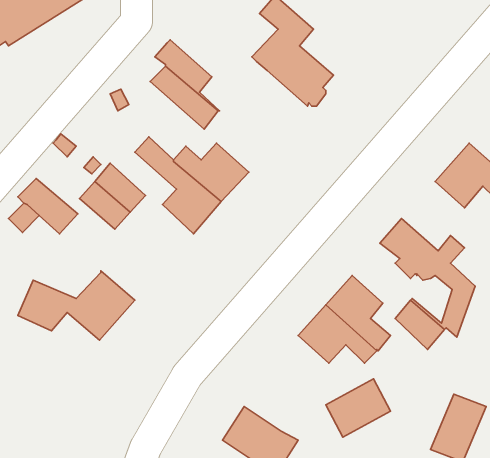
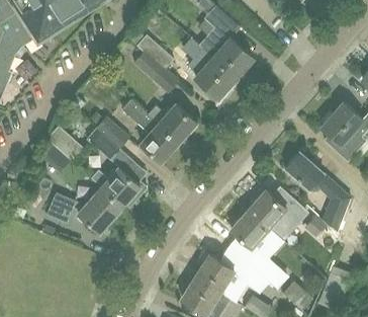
building: none -> [183,37,237,97]
building: none -> [91,167,147,206]
building: none -> [195,253,234,292]

